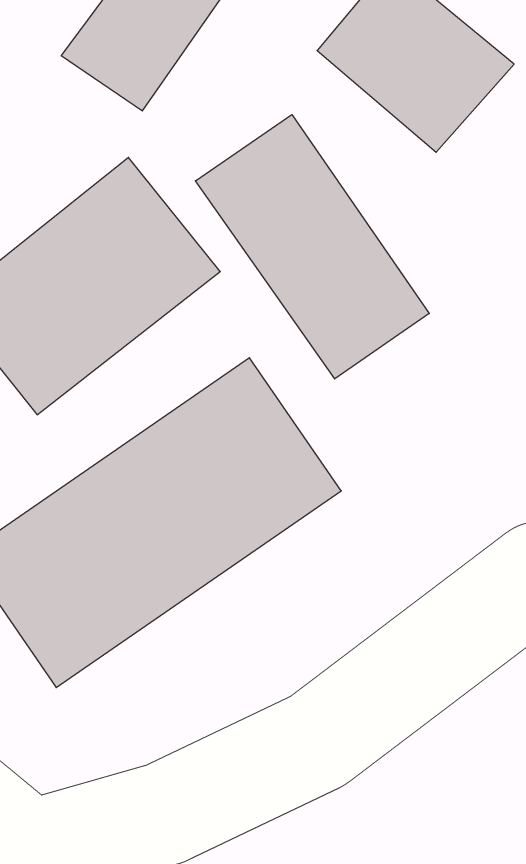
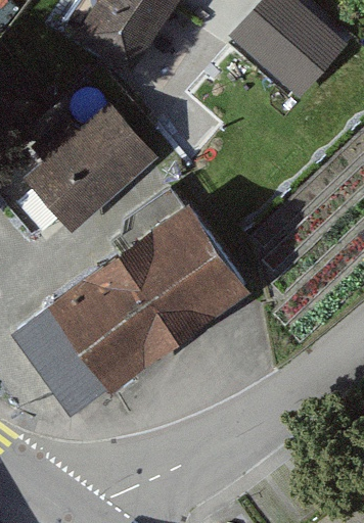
building: [195,115,429,379] -> none

